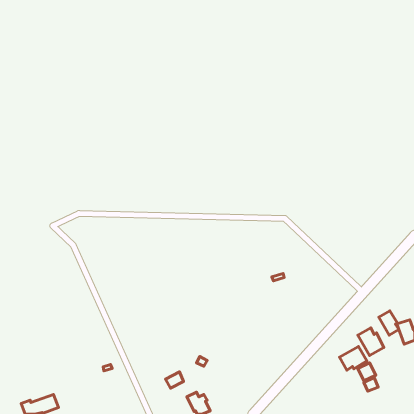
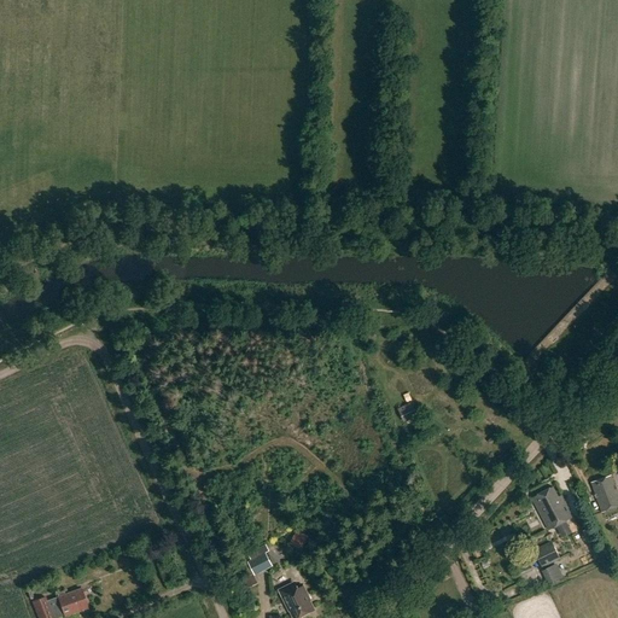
building: [379,311,399,335] -> none
building: [340,347,367,370] -> none

